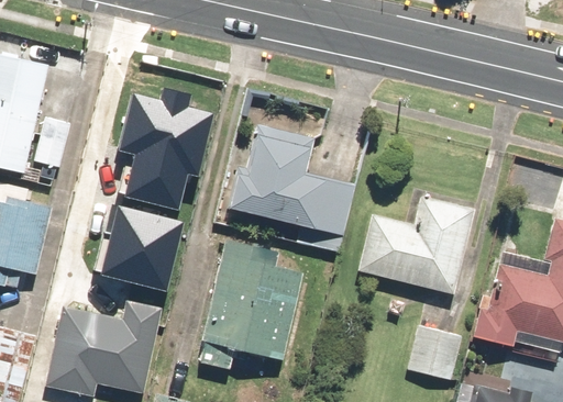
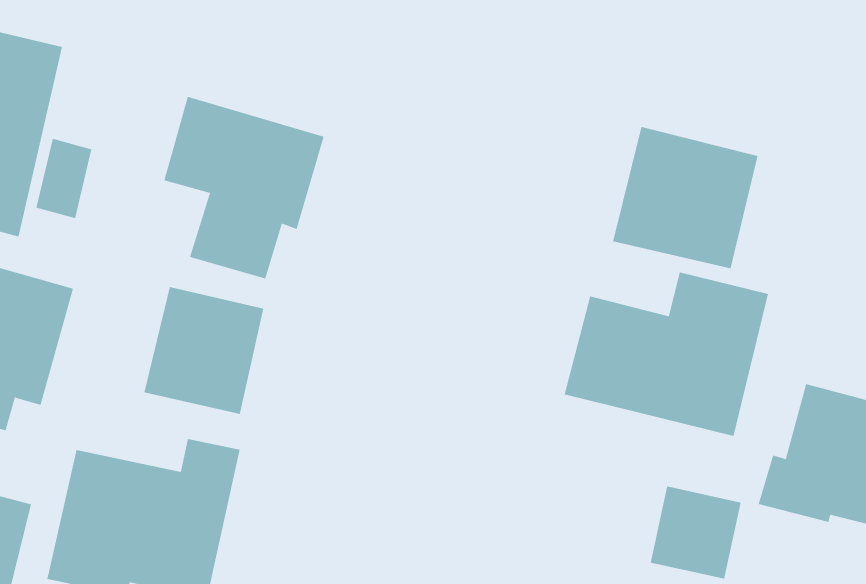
building: none -> [613,126,758,269]
building: [227,127,355,237] -> none
building: [197,238,306,372] -> none

